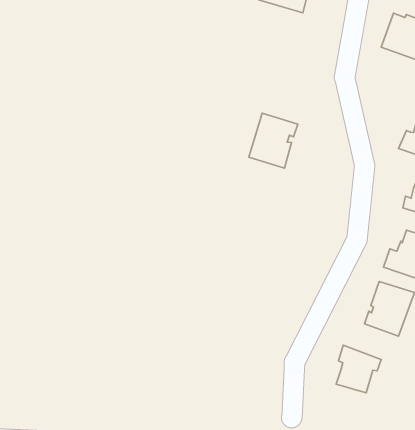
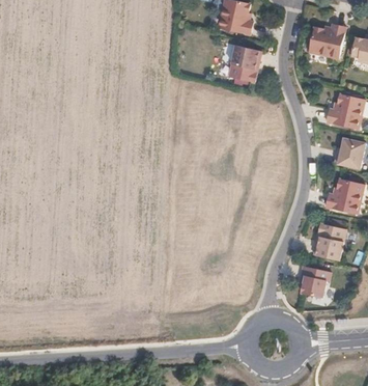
building: [249,113,298,168] -> [229,44,261,81]

